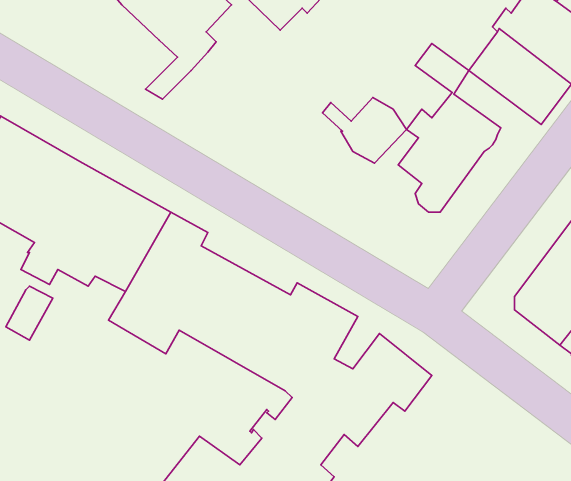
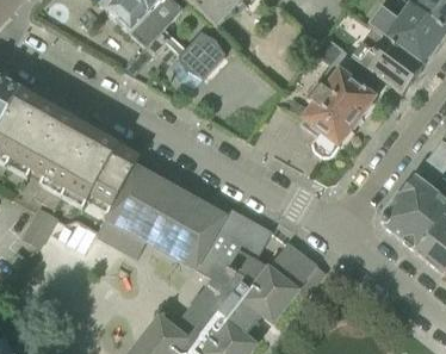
building: [322,98,407,163] -> [166,31,225,77]

